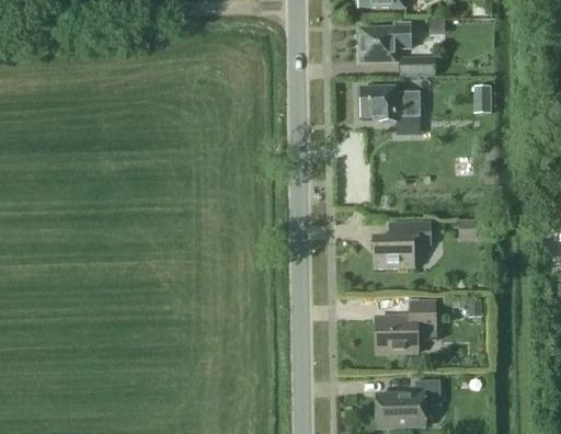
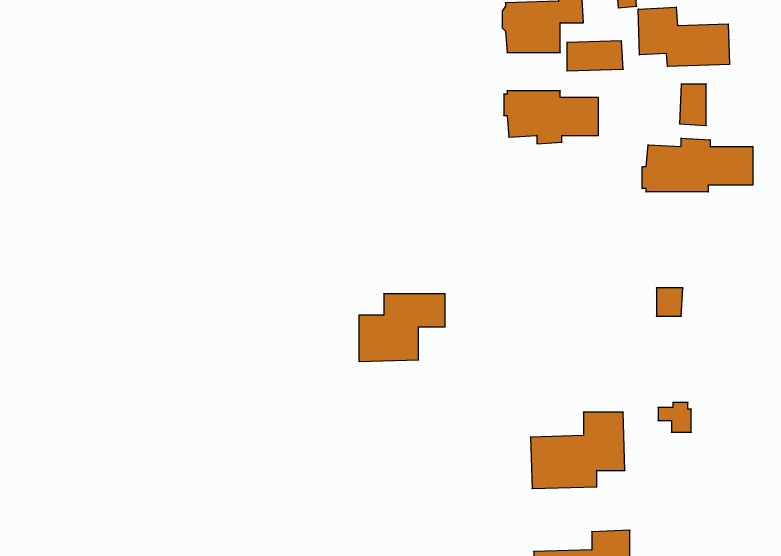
building: none -> [638,7,729,66]
building: none -> [642,138,753,192]
building: [374,222,431,267] -> [359,294,445,362]

